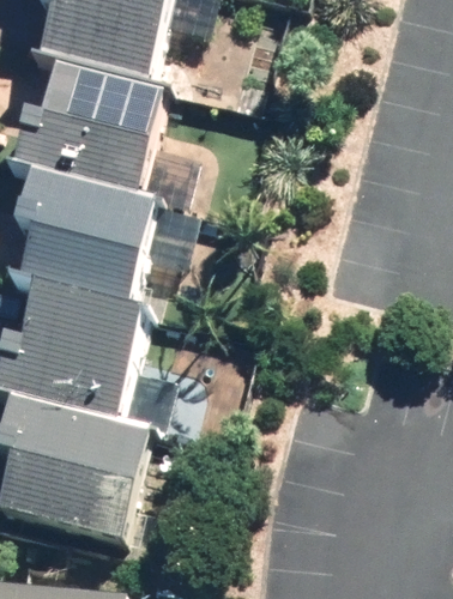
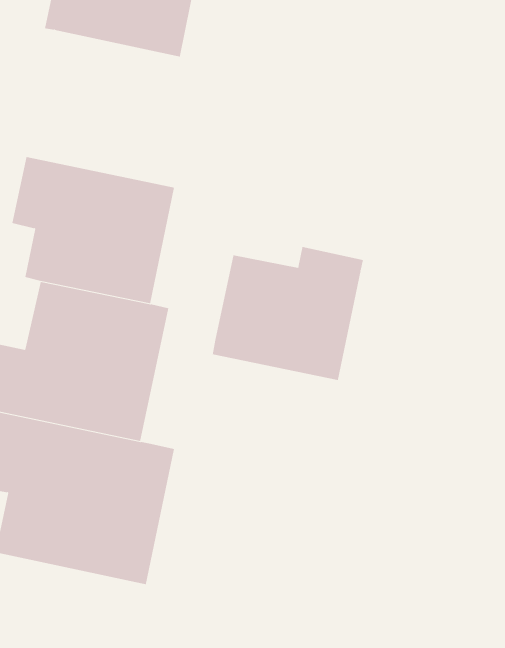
building: [7,68,162,199] -> none
building: none -> [212,246,364,381]

